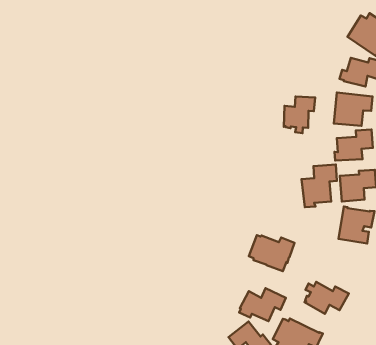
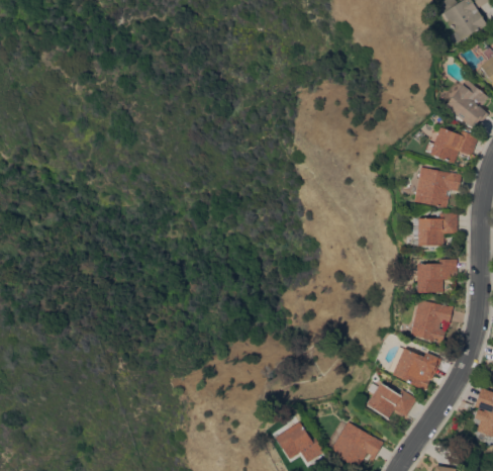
building: [284,96,315,133] -> none
building: [302,165,337,207] -> none
building: [249,235,295,271] -> [388,347,441,390]
building: [239,288,286,321] -> none

